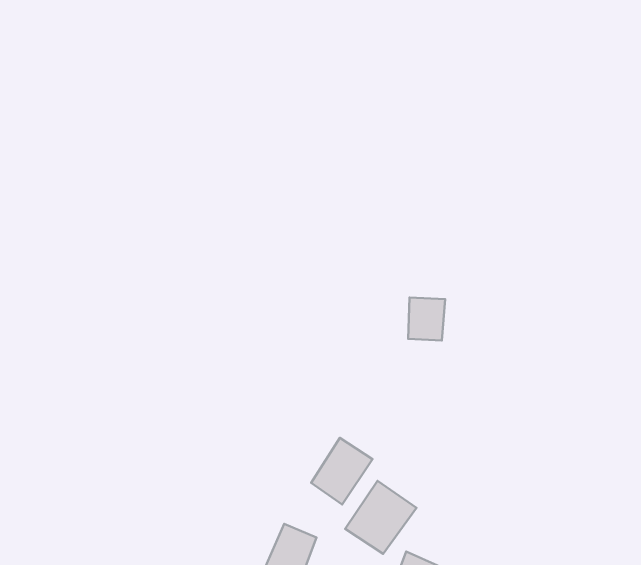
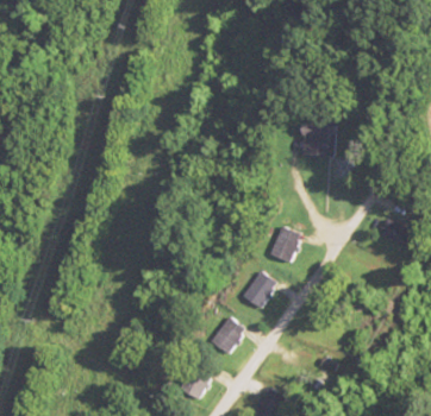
building: none -> [242,270,277,307]
building: [345,481,417,554] -> none

